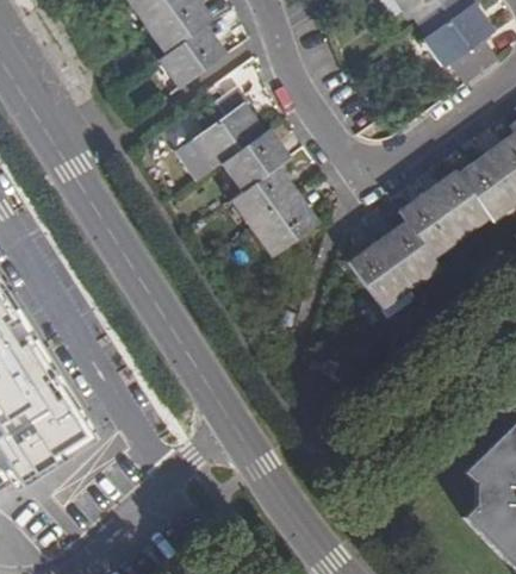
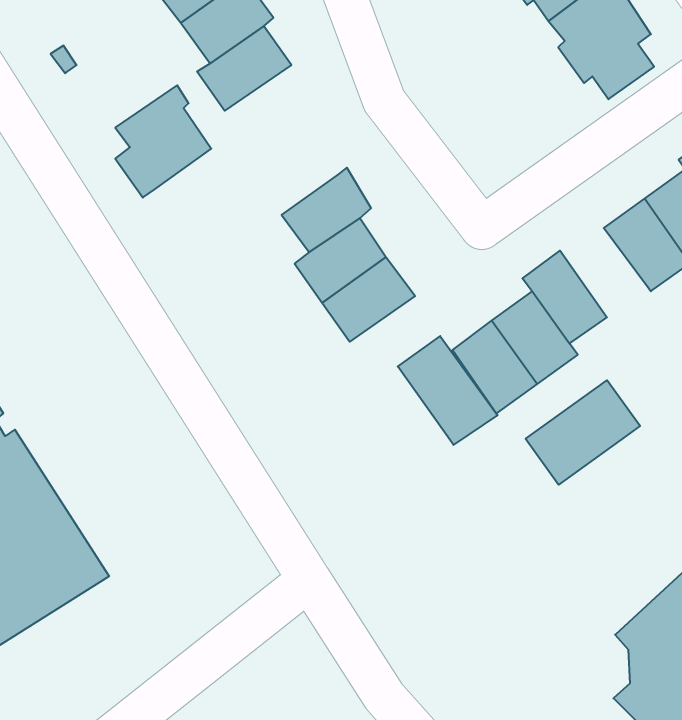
building: [192,88,262,170] -> [115,85,211,198]
building: [424,169,489,239] -> none
building: none -> [398,336,498,445]
building: none -> [526,380,640,485]

